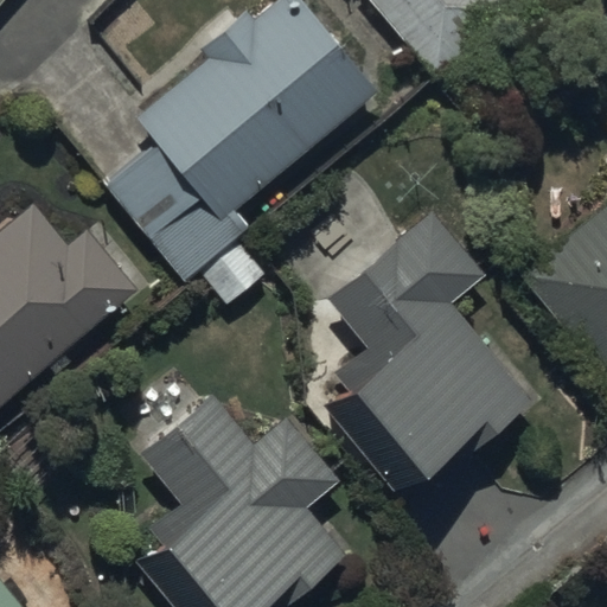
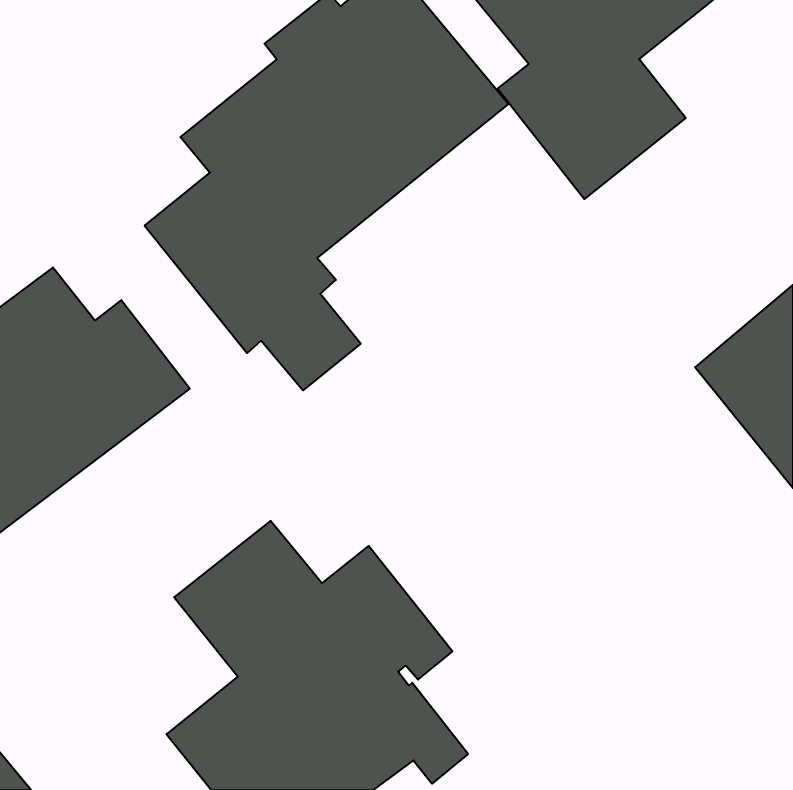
building: [325,213,532,466] -> none

